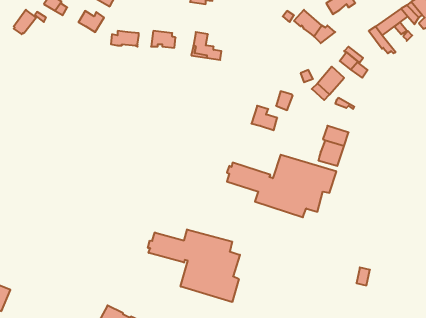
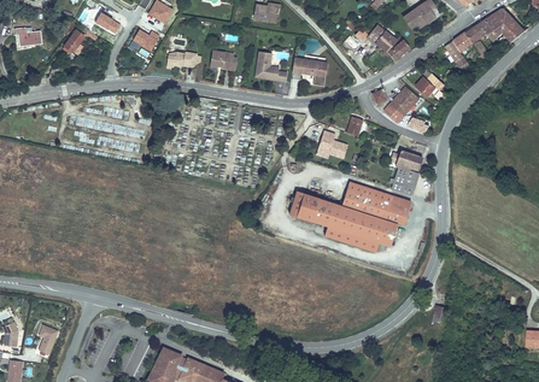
building: none -> [293,54,328,86]
building: [148,229,240,302] -> none

